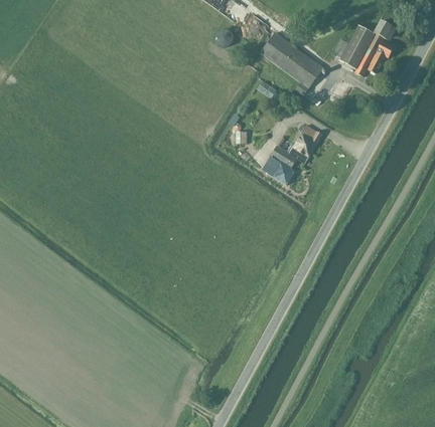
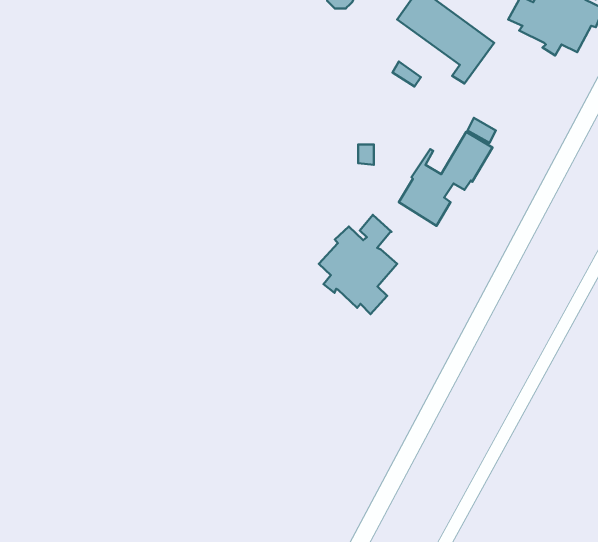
building: none -> [319,215,397,314]

